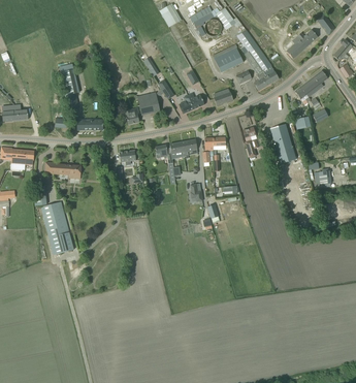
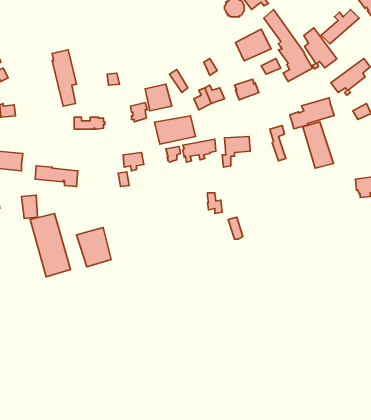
building: none -> [304,28,337,69]
building: none -> [290,98,334,129]
building: none -> [155,116,195,144]
building: none -> [76,227,111,267]

